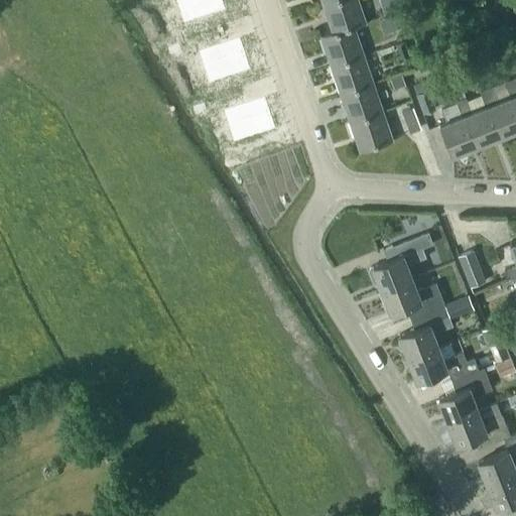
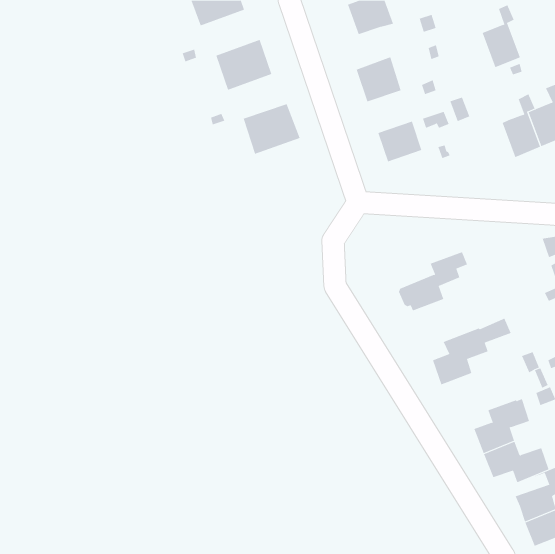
building: [321,27,363,67] -> none
building: [341,86,383,125] -> none
building: [441,99,478,157] -> [482,5,521,68]
building: [459,251,486,288] -> none
building: [383,279,445,318] -> none
building: [409,343,480,382] -> none

